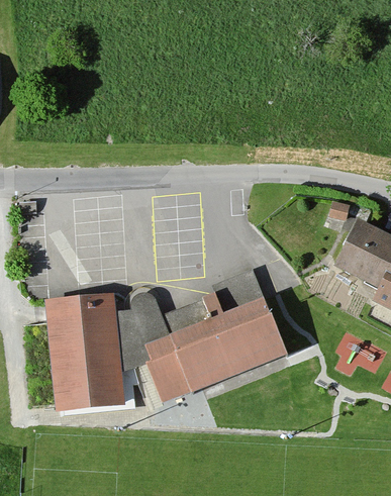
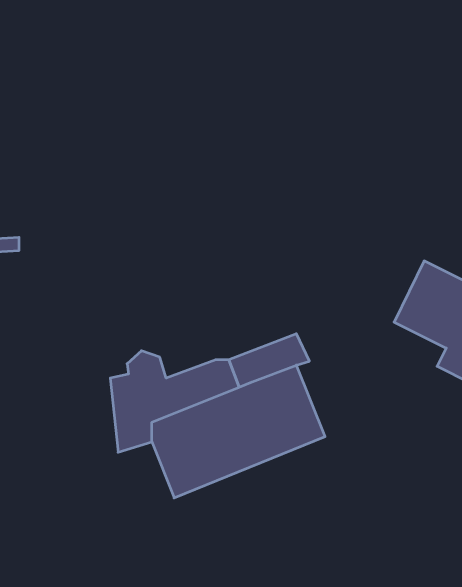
building: [43,295,122,409] -> none

